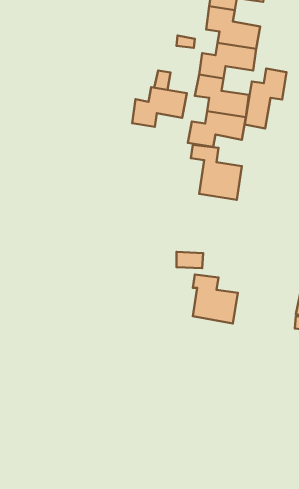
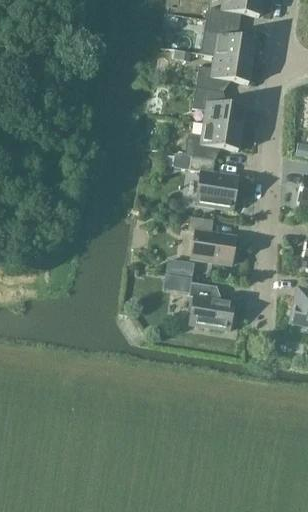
building: [245,69,287,128] -> none
building: [132,87,187,127] -> none
building: none -> [188,215,236,264]

